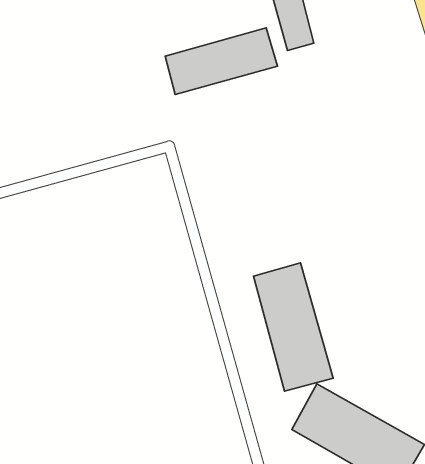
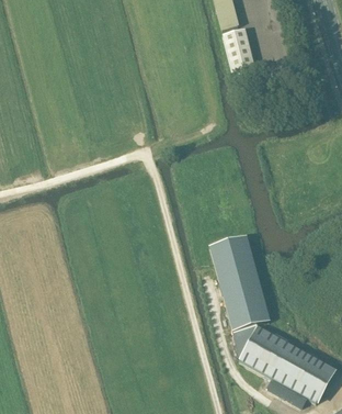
building: [165,28,277,94] -> none

